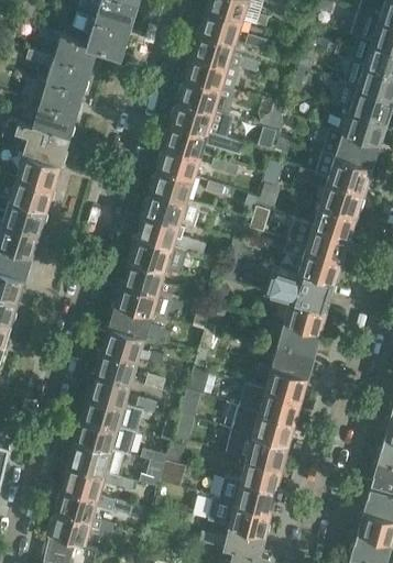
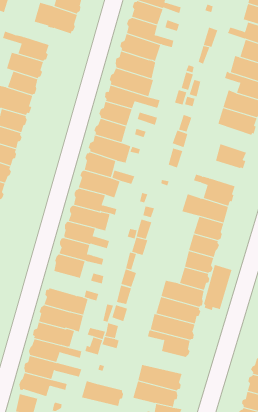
building: [41,26,98,67] -> none
building: [298,169,364,212] -> none
building: [288,218,350,257] -> none
building: none -> [203,264,232,311]
building: [90,372,133,405] -> none
building: [220,475,277,510] -> [81,380,124,407]

